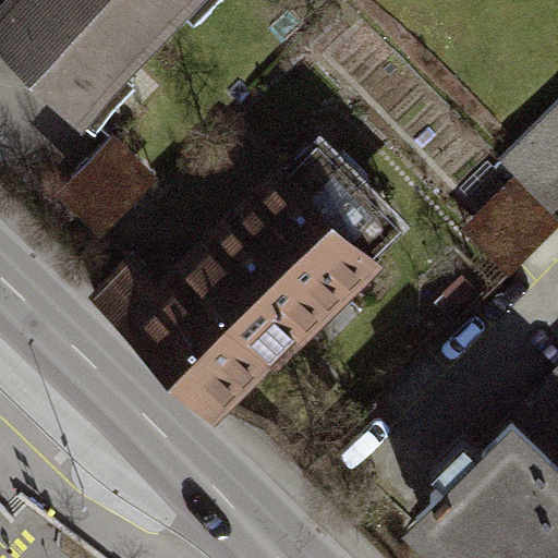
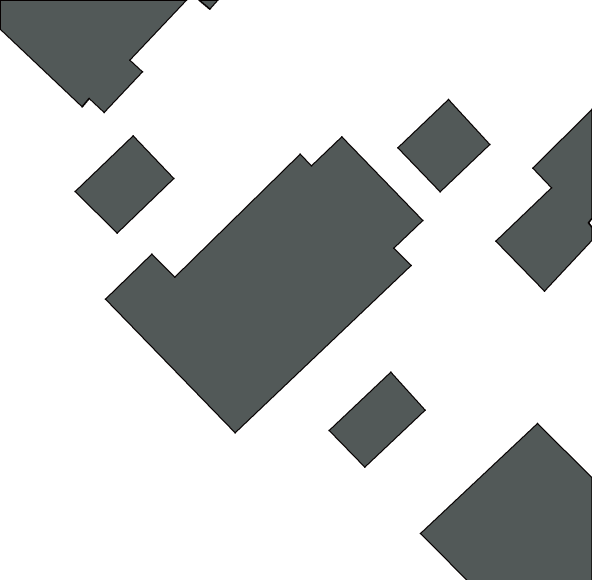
building: none -> [398,99,490,192]
building: none -> [329,372,425,467]

